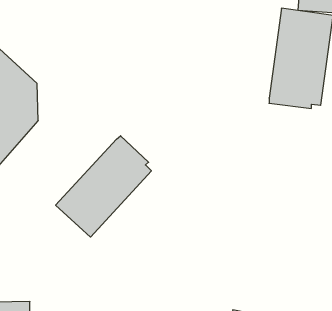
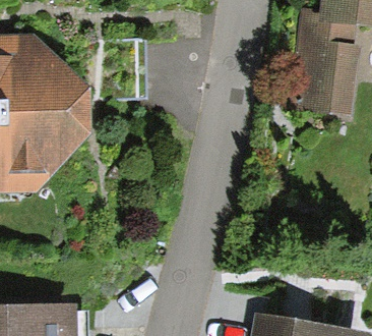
building: [56,136,151,237] -> none

